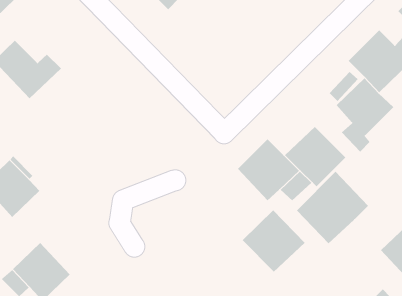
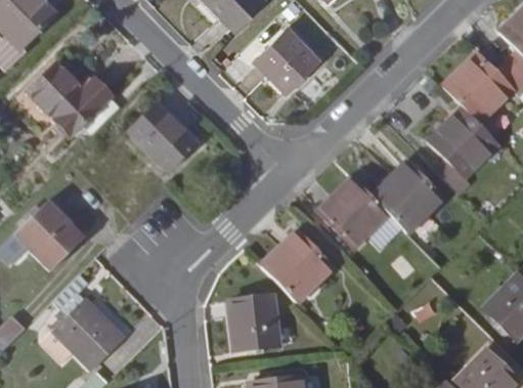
building: none -> [254,29,316,91]
building: none -> [126,104,191,171]
building: [296,171,369,244] -> none
building: [242,210,305,272] -> [261,231,336,305]
building: none -> [228,299,274,348]

